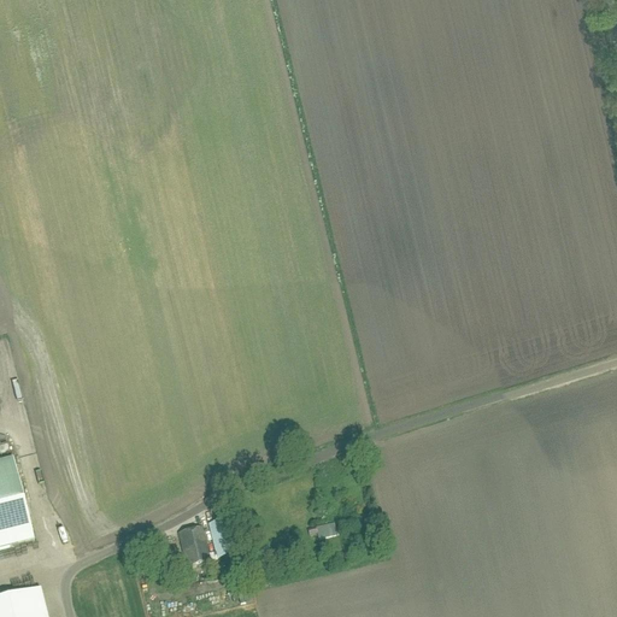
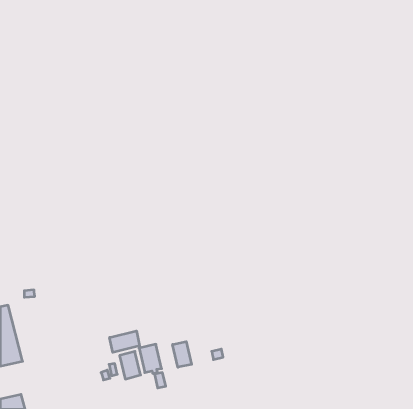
building: none -> [110,331,140,352]
building: none -> [173,342,192,367]

